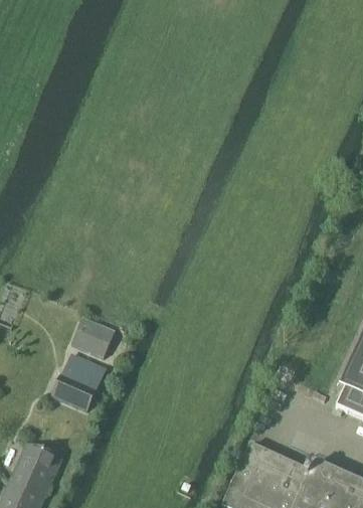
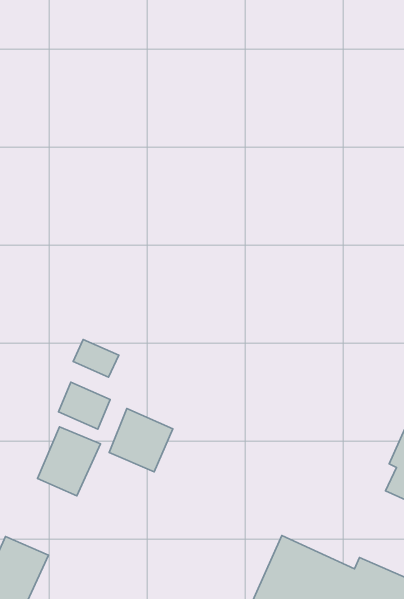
building: none -> [73,340,119,377]
building: none -> [109,408,173,472]

